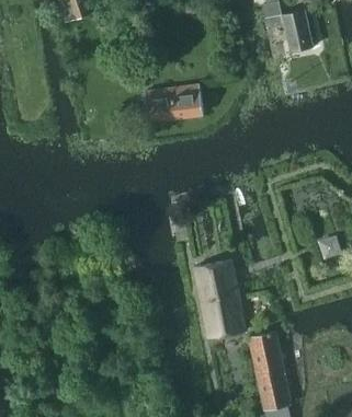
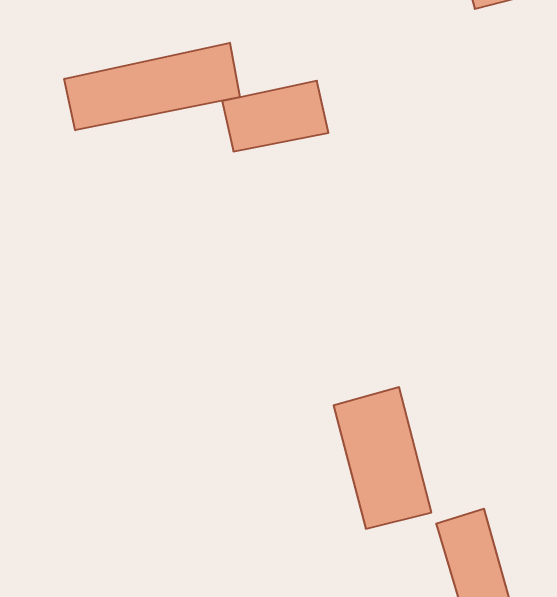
building: none -> [64,43,240,130]

